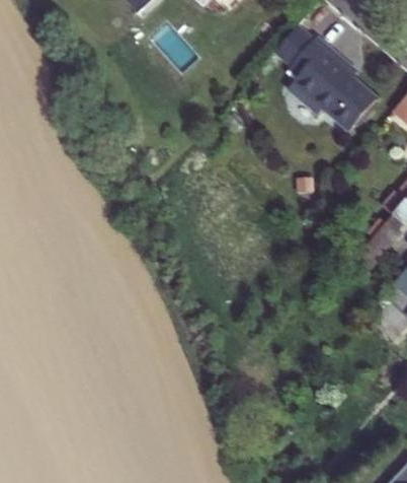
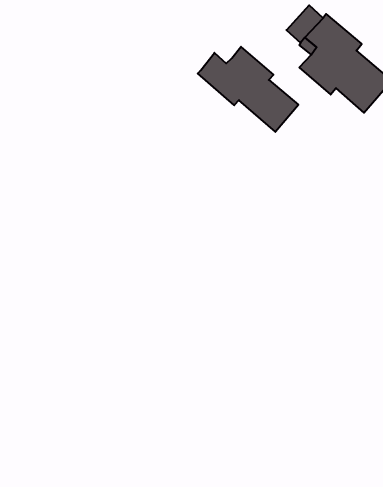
building: none -> [198,47,298,132]

